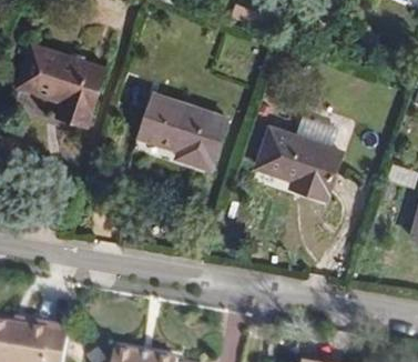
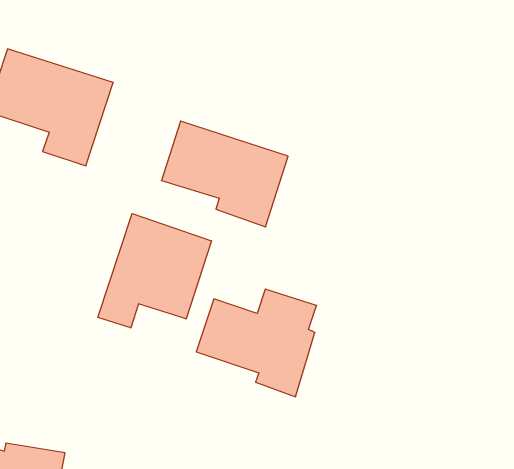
building: [254,124,337,199] -> [196,289,317,397]
building: none -> [98,214,211,328]

